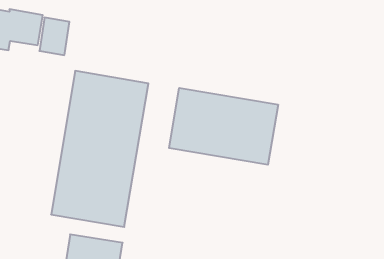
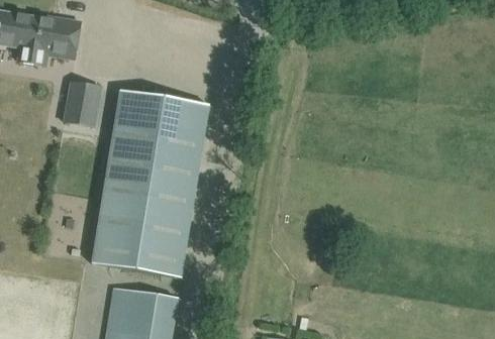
building: [39,18,69,55] -> [65,81,101,126]
building: [169,88,278,165] -> none

